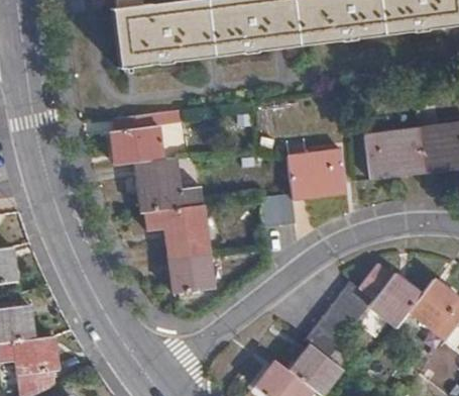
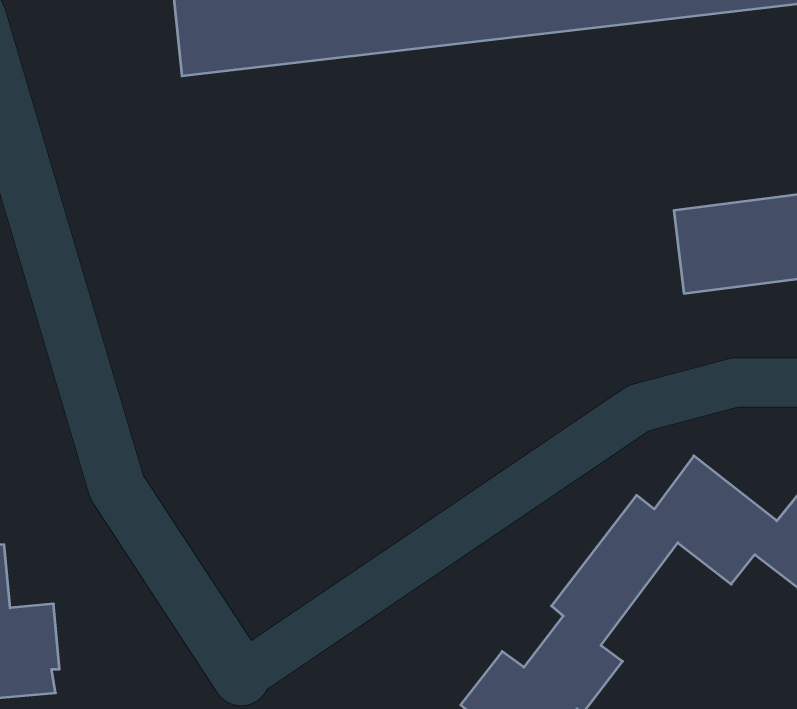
building: [115,106,215,291] -> none
building: [263,150,350,221] -> none

